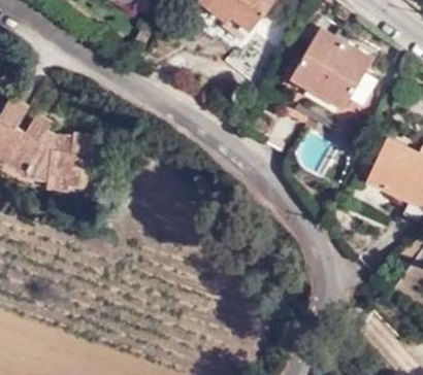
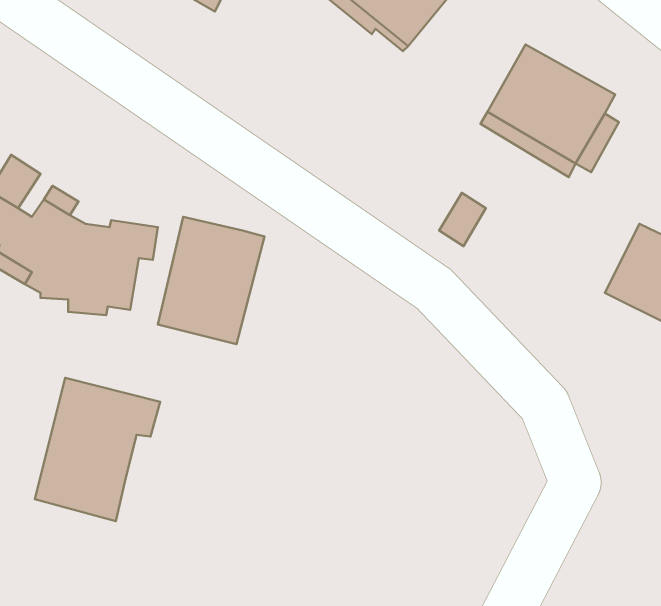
building: none -> [158,217,264,344]
building: none -> [35,378,160,521]

